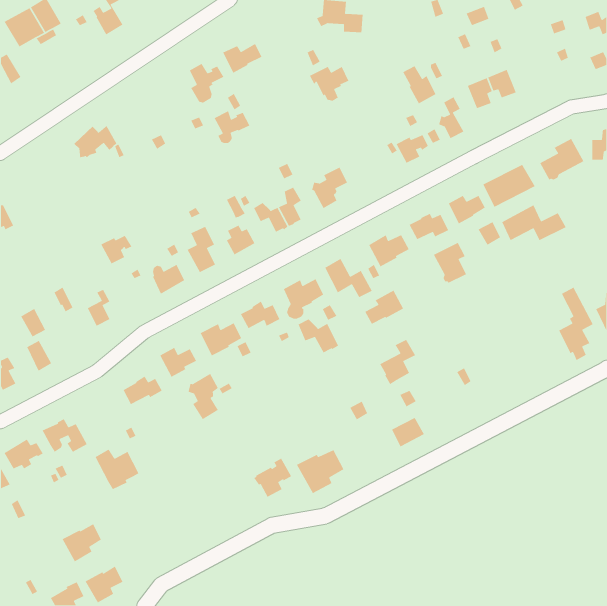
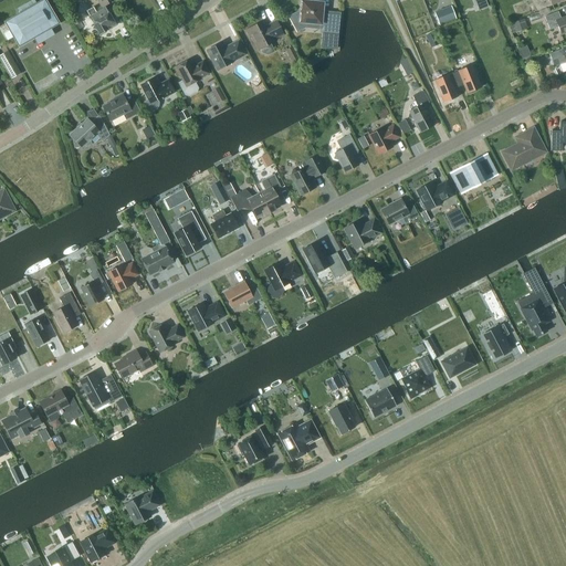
building: [402,65,436,104] -> none
building: [309,66,349,102] -> [245,20,283,53]
building: none -> [103,94,139,119]
building: [214,111,250,144] -> [140,77,175,108]
building: none -> [333,134,357,170]
building: [501,204,567,241] -> none
building: [100,235,132,265] -> [108,262,138,290]
building: [433,242,467,284] -> none
building: [364,290,404,325] -> none
building: none -> [53,292,80,332]
building: [297,318,339,354] -> none
building: [379,339,416,385] -> [400,355,434,398]
building: none -> [481,323,510,358]
building: [187,373,219,420] -> none
building: none -> [441,348,473,376]
building: none -> [327,402,355,433]
building: [95,448,140,490] -> [80,371,122,410]
building: [62,523,102,562] -> [123,489,160,525]

